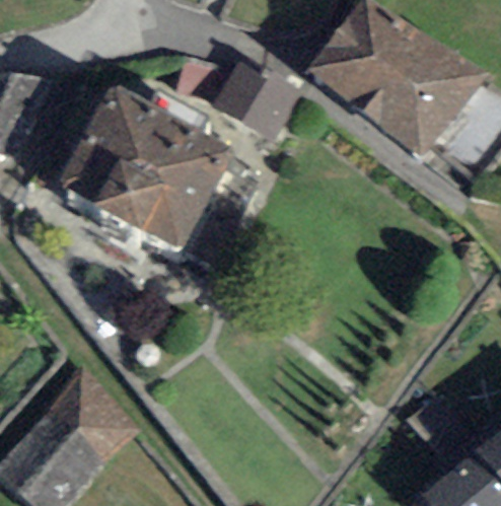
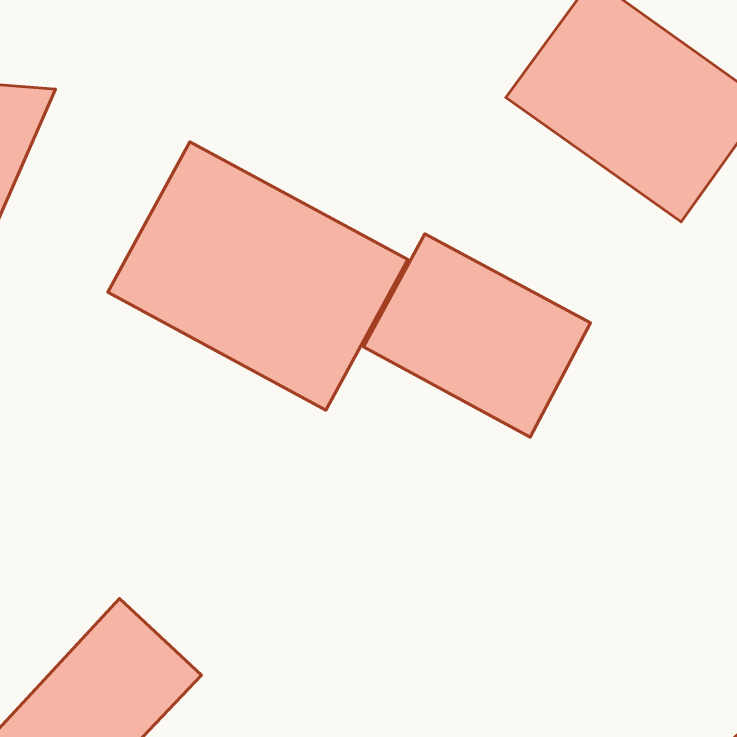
building: [209,64,289,140] -> none
building: none -> [363,234,591,437]

